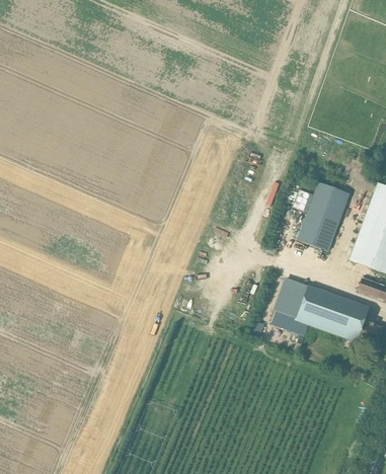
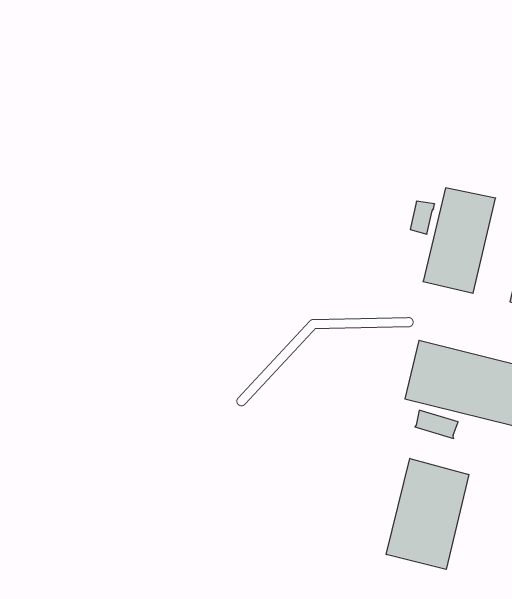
building: none -> [386,458,469,569]

